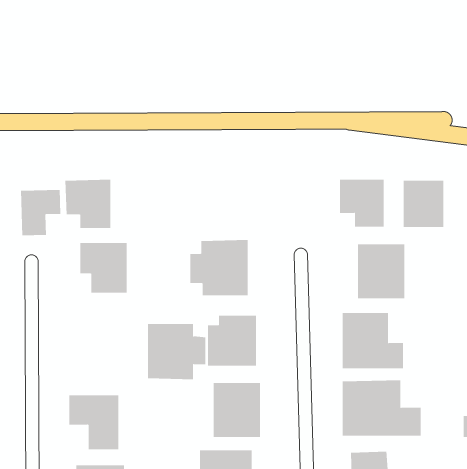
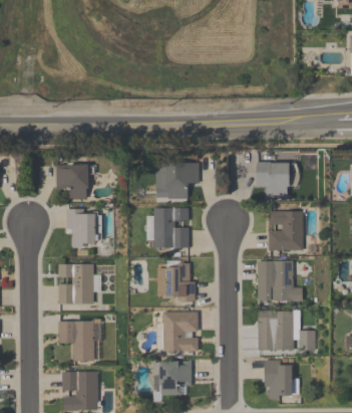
building: none -> [156,163,199,199]
building: [403,180,444,228] -> none
building: [21,189,61,236] -> none
building: [147,323,206,380] -> [58,263,101,304]

